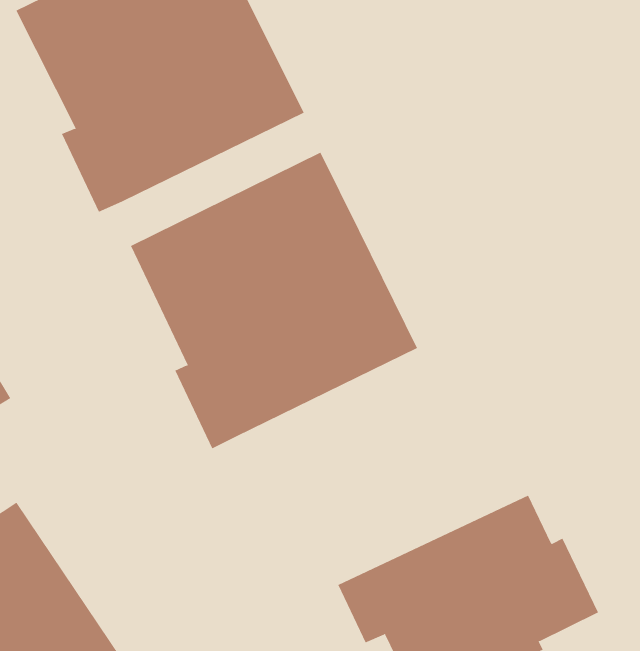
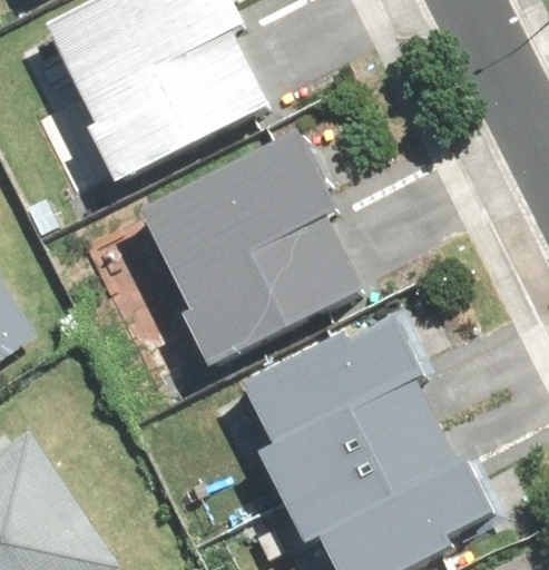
building: none -> [255,313,445,489]

